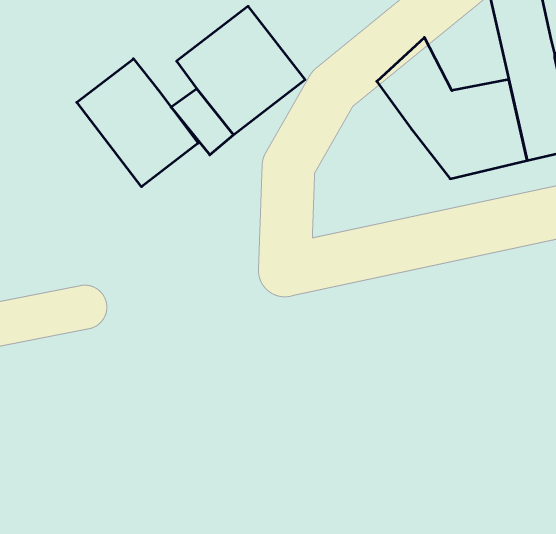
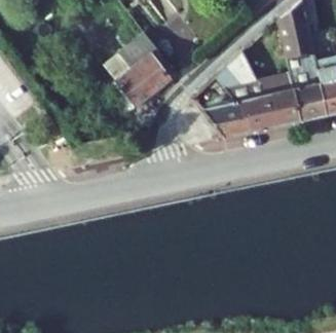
building: [77,59,198,187] -> none
building: none -> [203,103,258,138]

